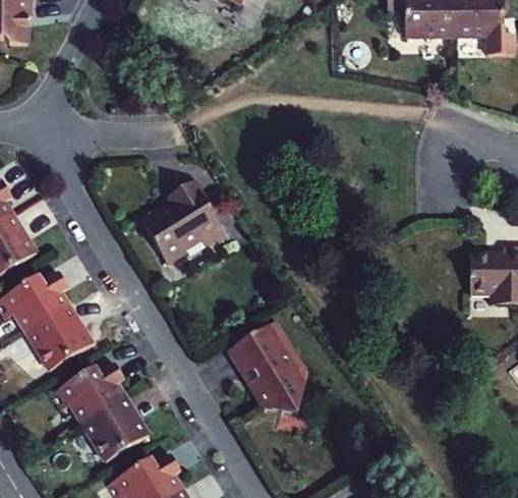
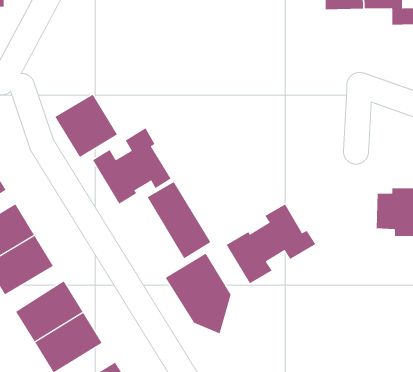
building: none -> [55,94,118,158]
building: none -> [147,181,211,259]
building: none -> [226,203,316,284]

